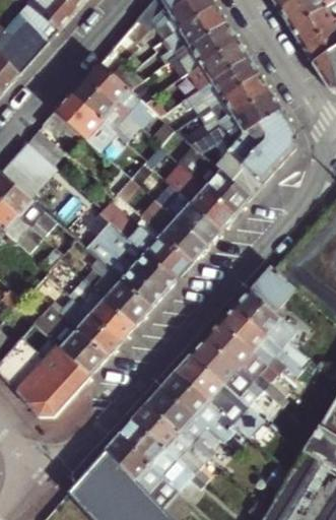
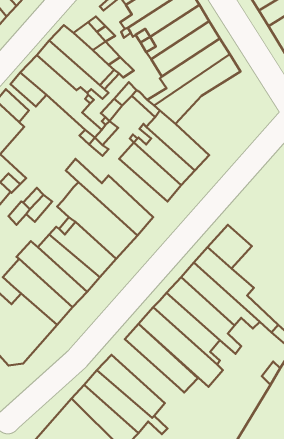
building: [214,110,295,197] -> none
building: [146,198,206,262] -> none
building: [147,390,218,457] -> none

